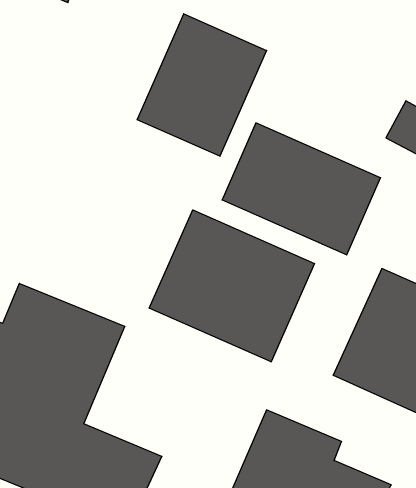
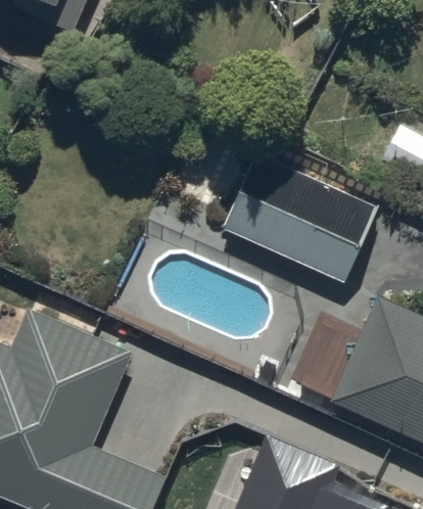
building: [137,14,267,156] -> none
building: [149,210,315,362] -> none

